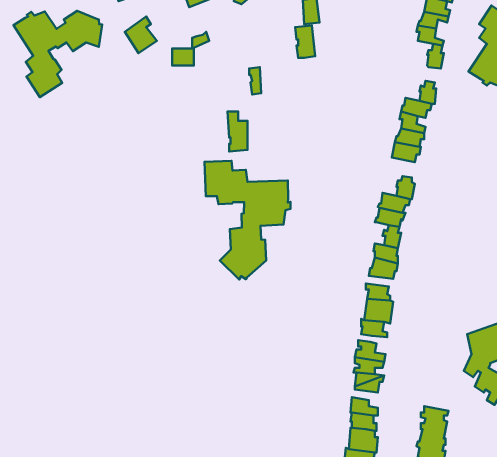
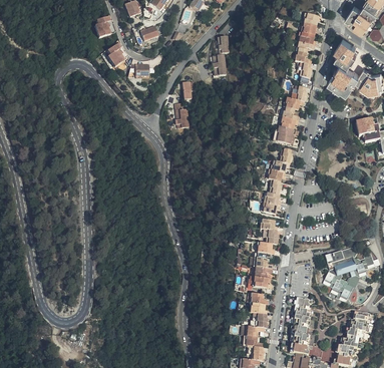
building: [13,11,102,97] -> none
building: [205,161,291,279] -> none

